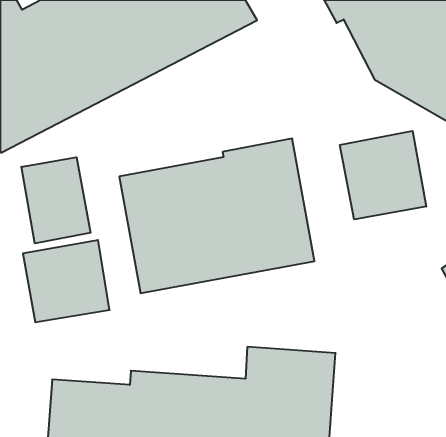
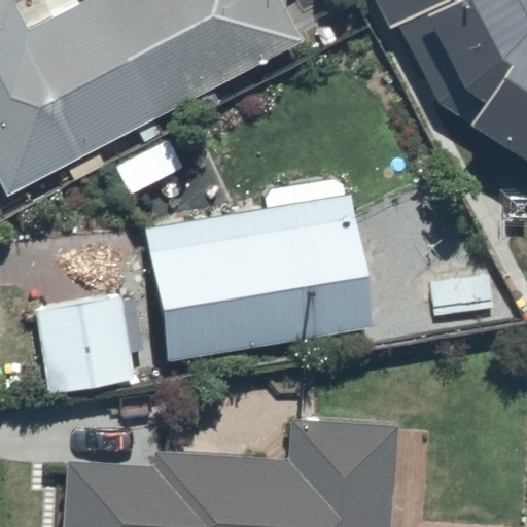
building: [340,131,426,219] -> none
building: [21,157,90,243] -> none

